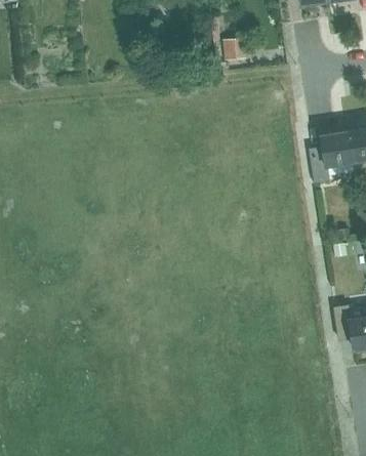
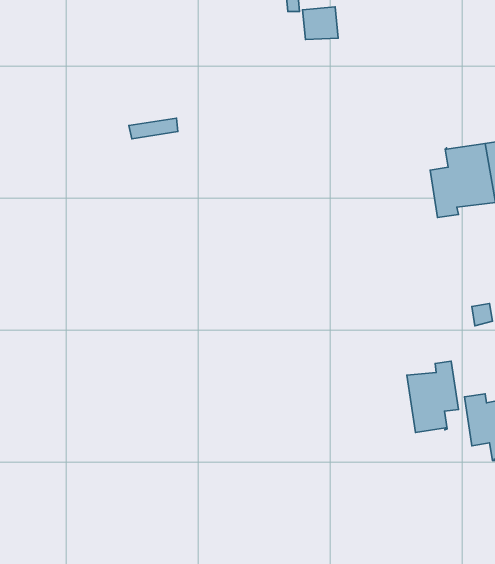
building: none -> [407,361,459,432]

